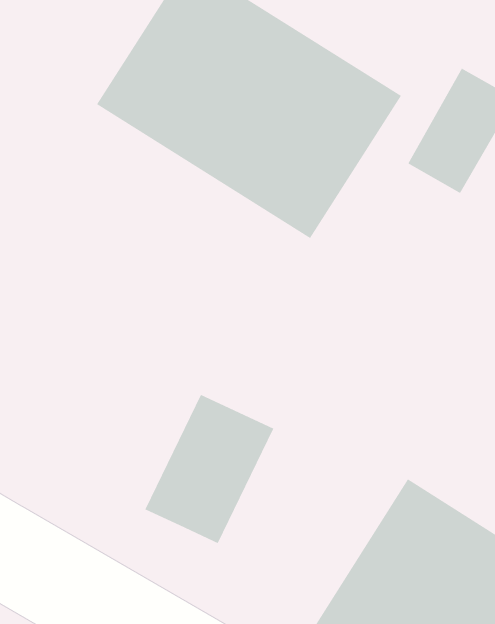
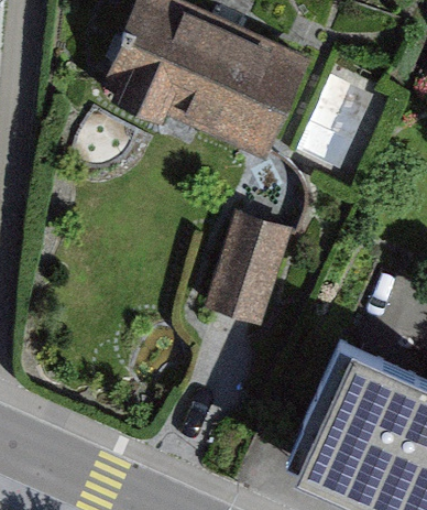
building: [144,394,274,544] -> [209,206,296,313]

